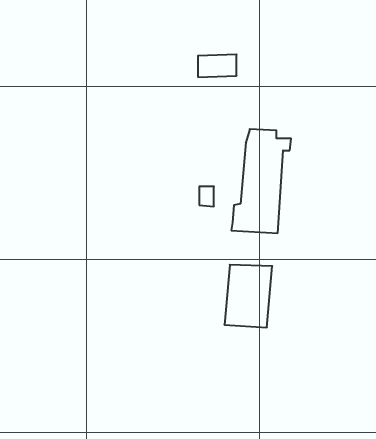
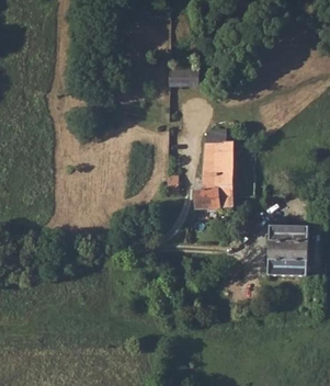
building: [224,265,272,327] -> [264,228,304,280]

